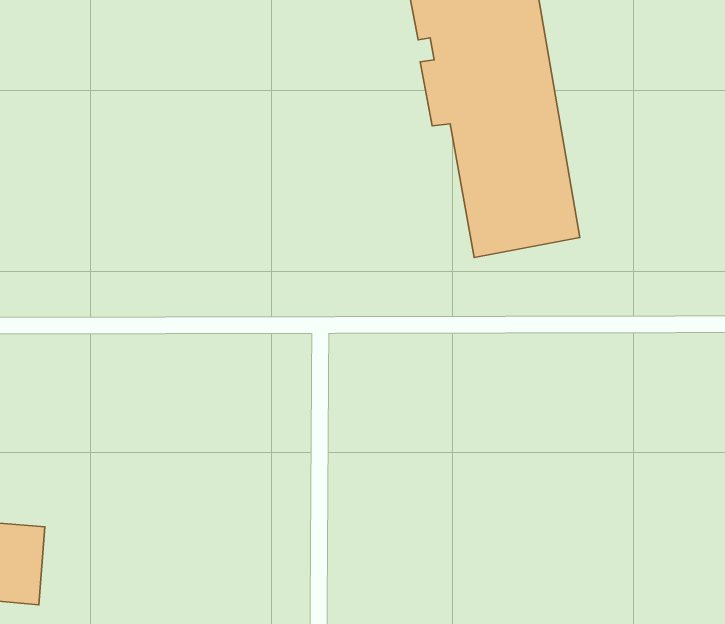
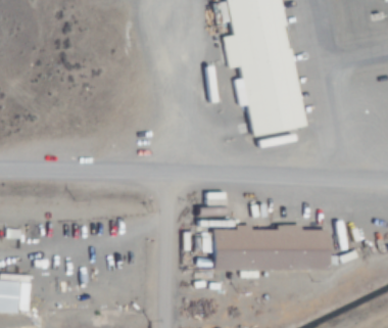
building: none -> [213,227,327,272]

